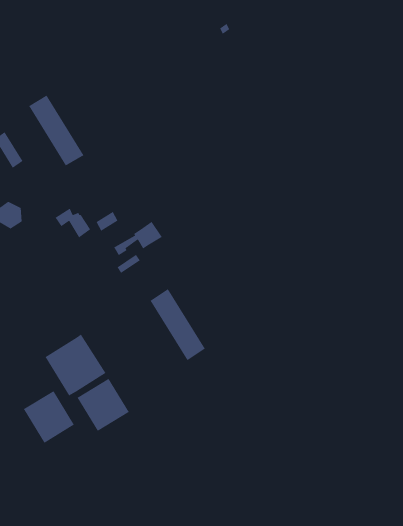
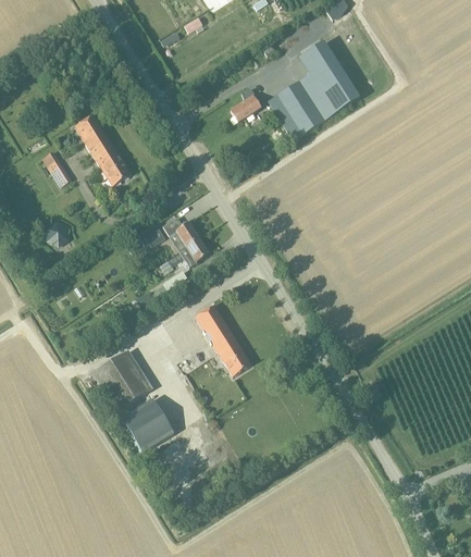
building: none -> [268,41,359,139]
building: none -> [230,88,260,122]
building: [55,207,91,238] -> [161,216,197,247]
building: [23,390,75,444] -> none

